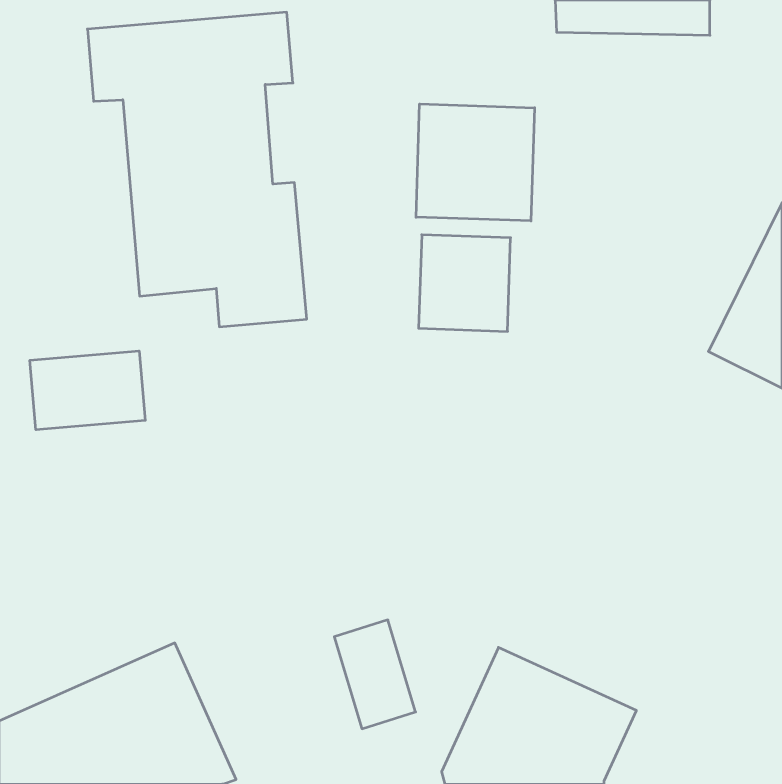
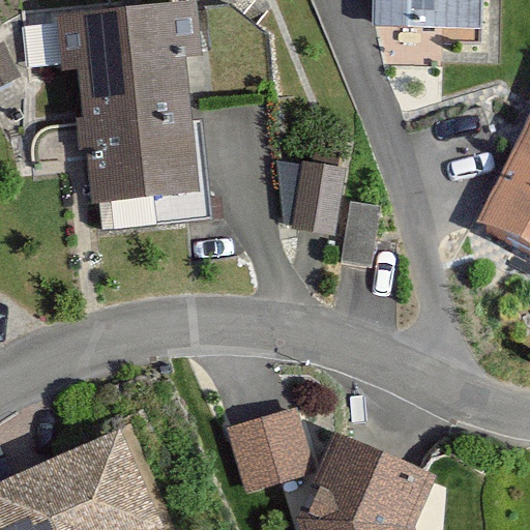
building: [416,104,535,221] -> none
building: [30,351,145,430] -> none

